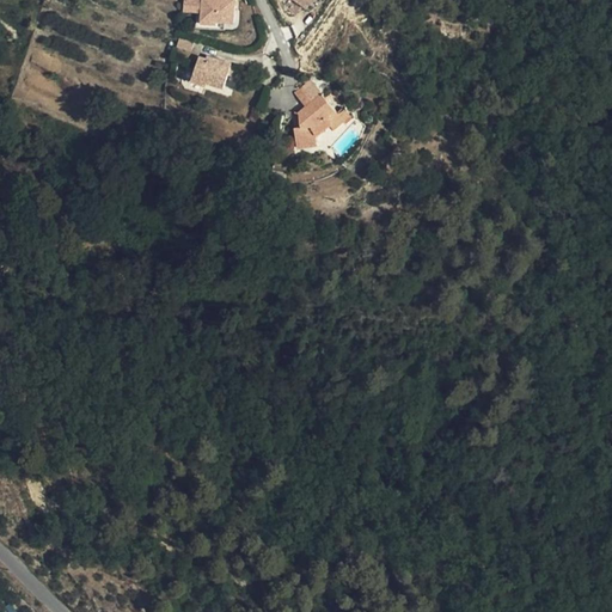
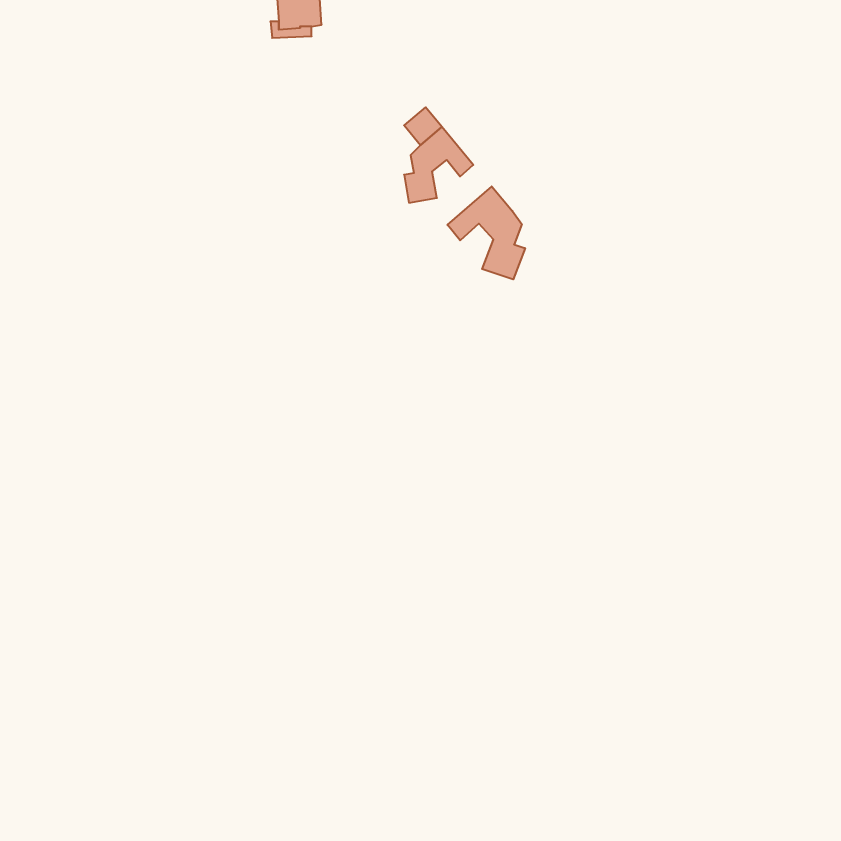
building: [190,61,231,91] -> none
building: none -> [447,186,525,279]

